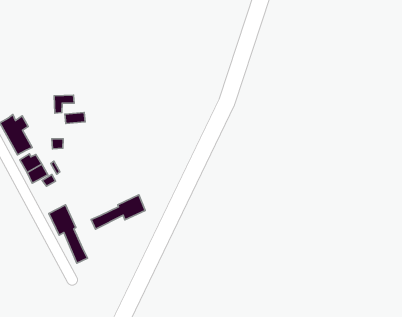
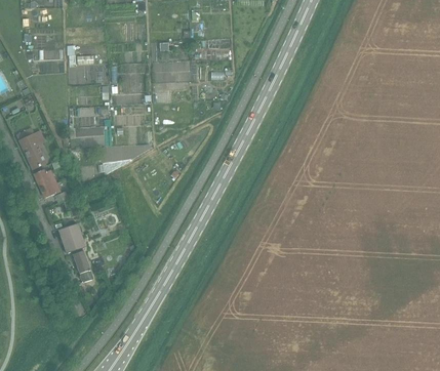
building: [91,195,145,229] -> none

